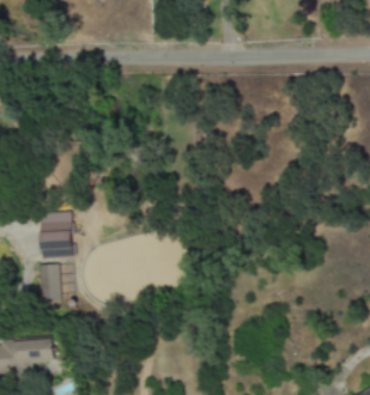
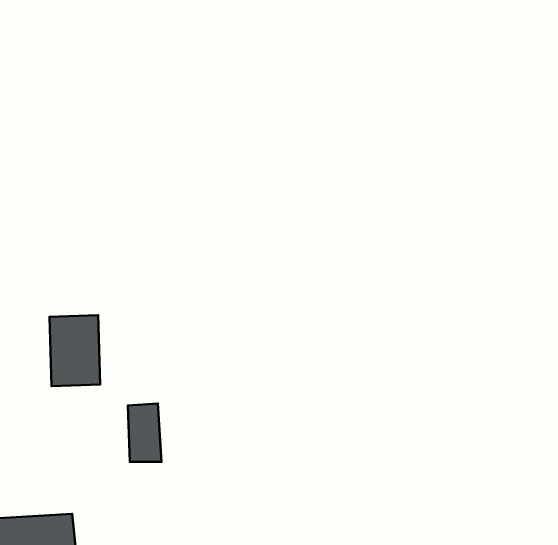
building: [38,265,60,302] -> [128,404,162,462]

